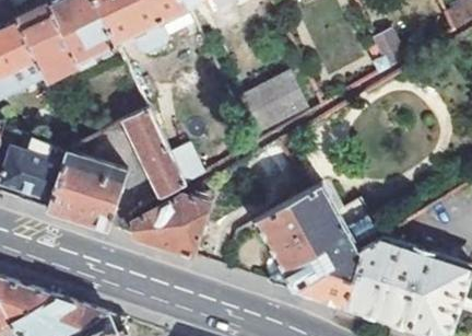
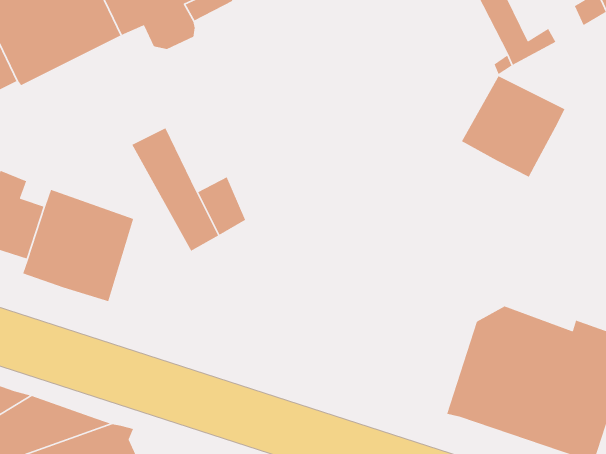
building: none -> [461,75,566,178]
building: [241,77,305,132] -> none
building: [255,181,381,308] -> none
building: [131,195,208,258] -> none

